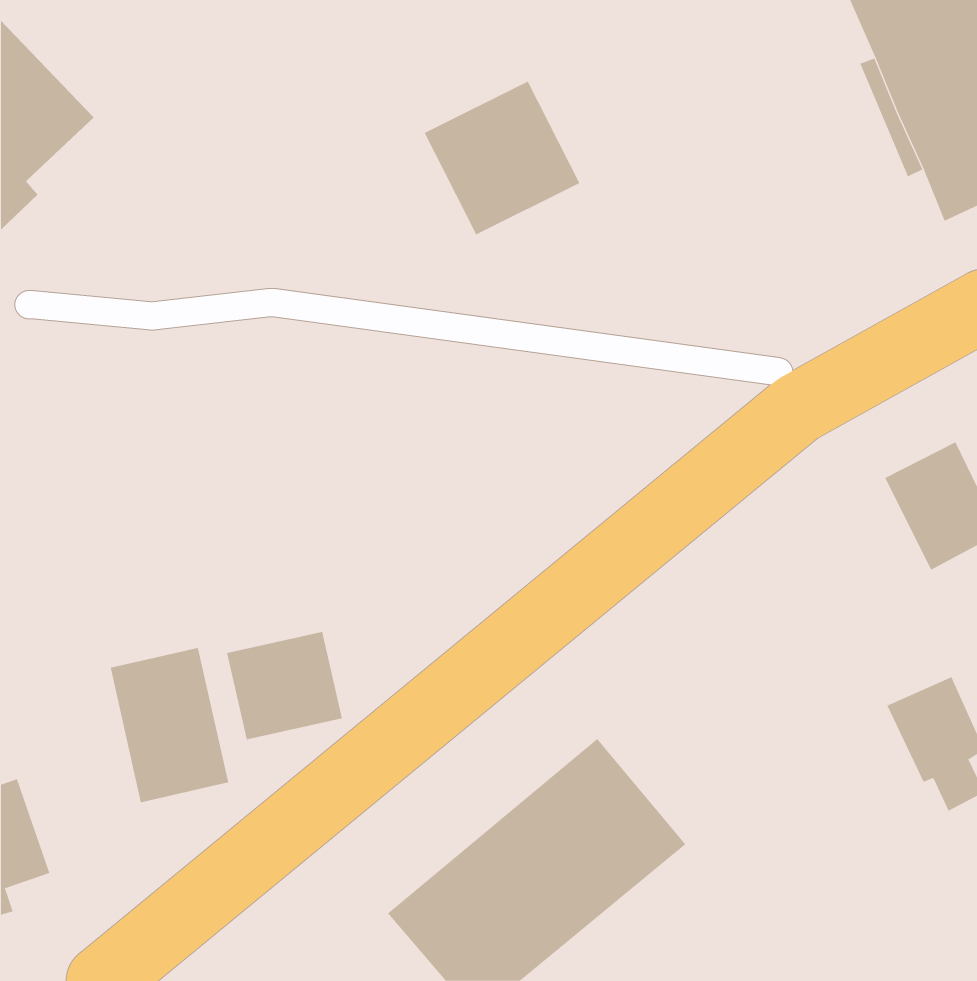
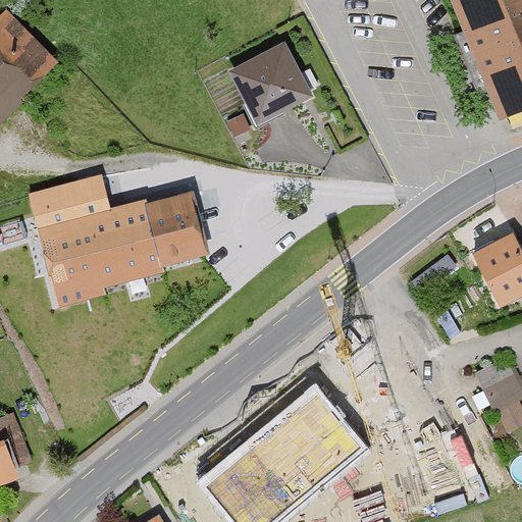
building: none -> [30,177,206,305]
building: [226,631,342,740] -> none
building: [110,647,229,803] -> none

